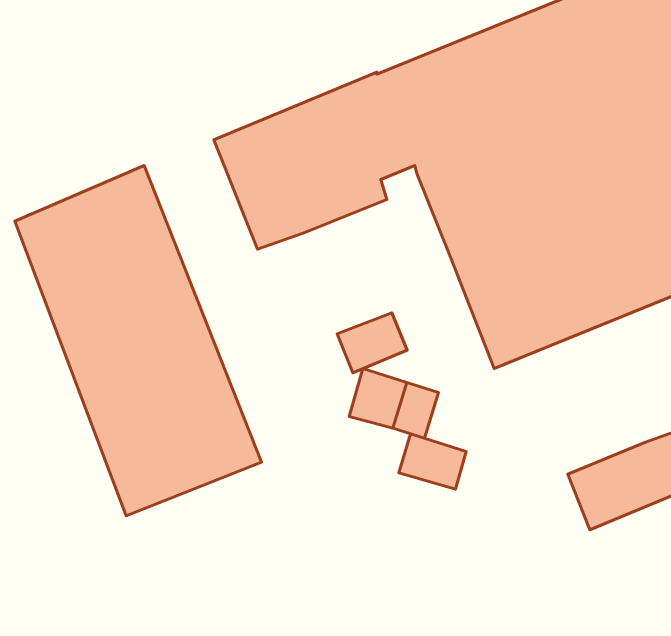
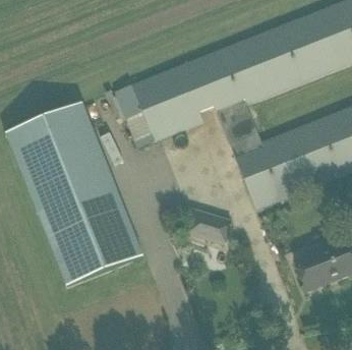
building: [337,313,407,373] -> none
building: [399,434,466,489] -> none

